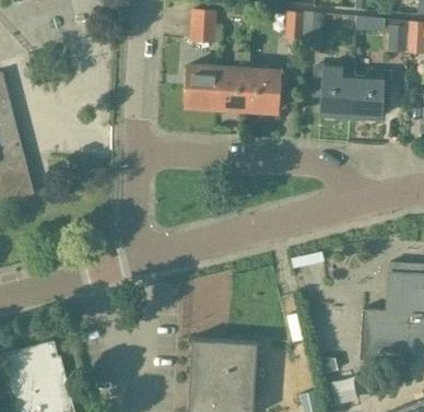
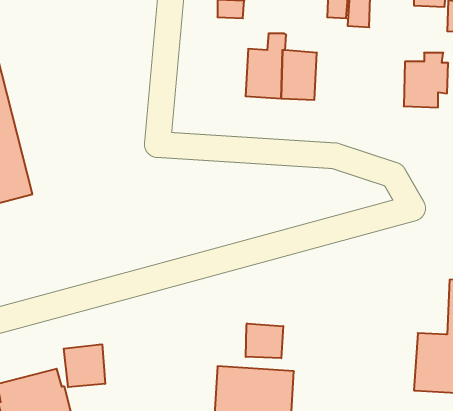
building: [186,64,217,107] -> none
building: [314,66,352,116] -> none
building: none -> [246,323,283,358]
building: none -> [64,344,105,387]

